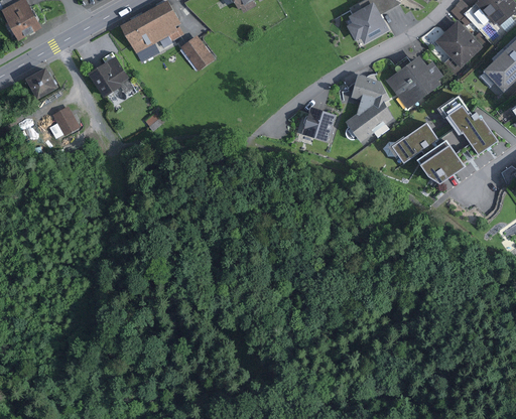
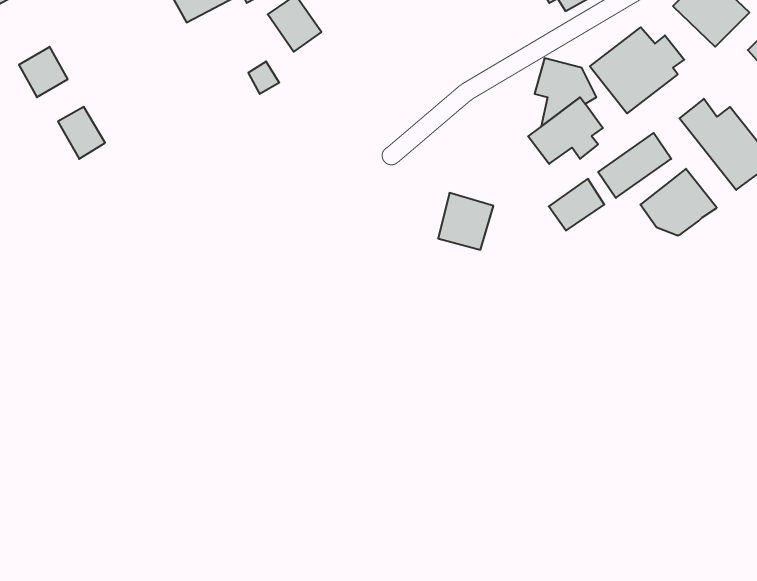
building: [92,57,132,95] -> none
building: [300,107,335,142] -> [438,193,493,250]
building: none -> [549,179,604,231]

